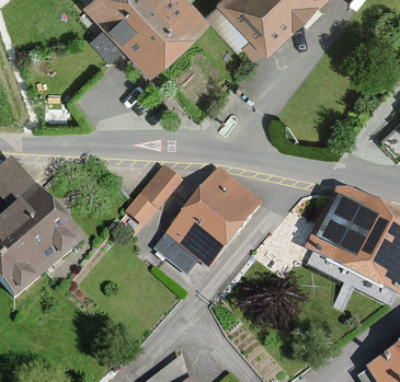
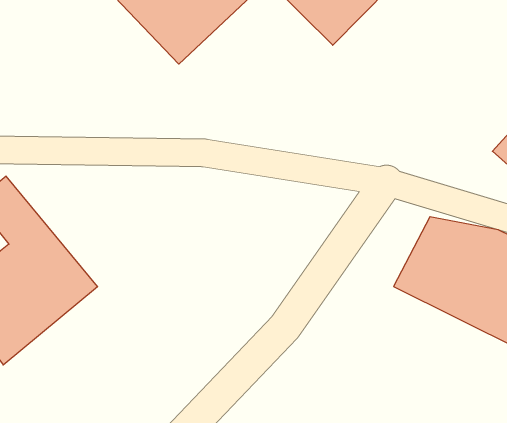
building: [121,164,183,232] -> none
building: [156,169,263,274] -> none

